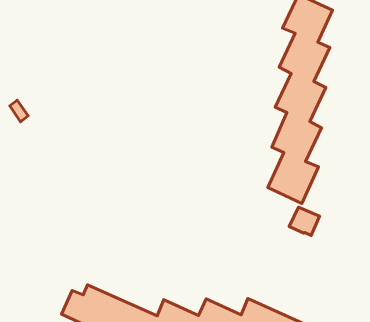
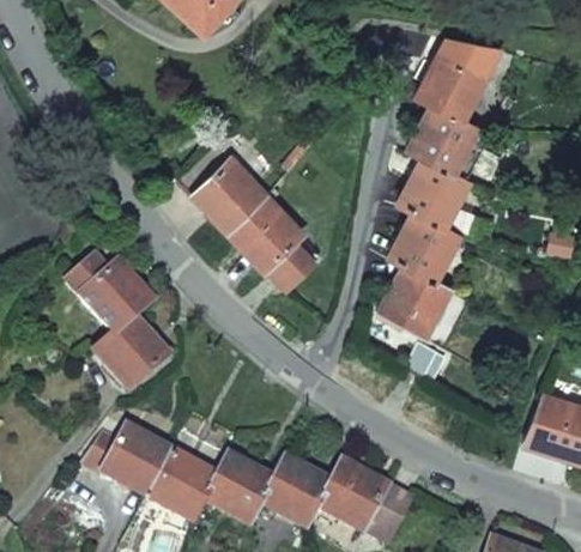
building: none -> [181,142,323,289]
building: none -> [68,254,170,389]

